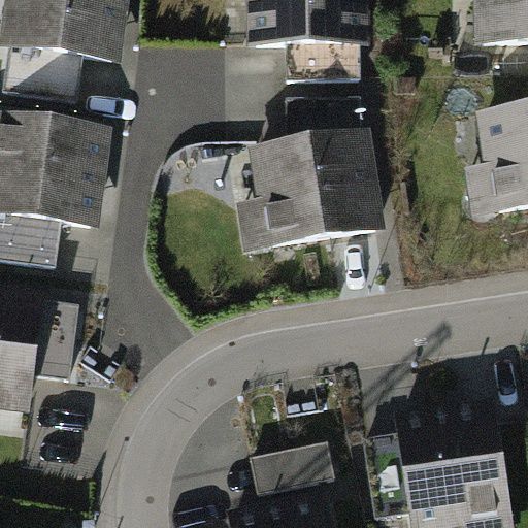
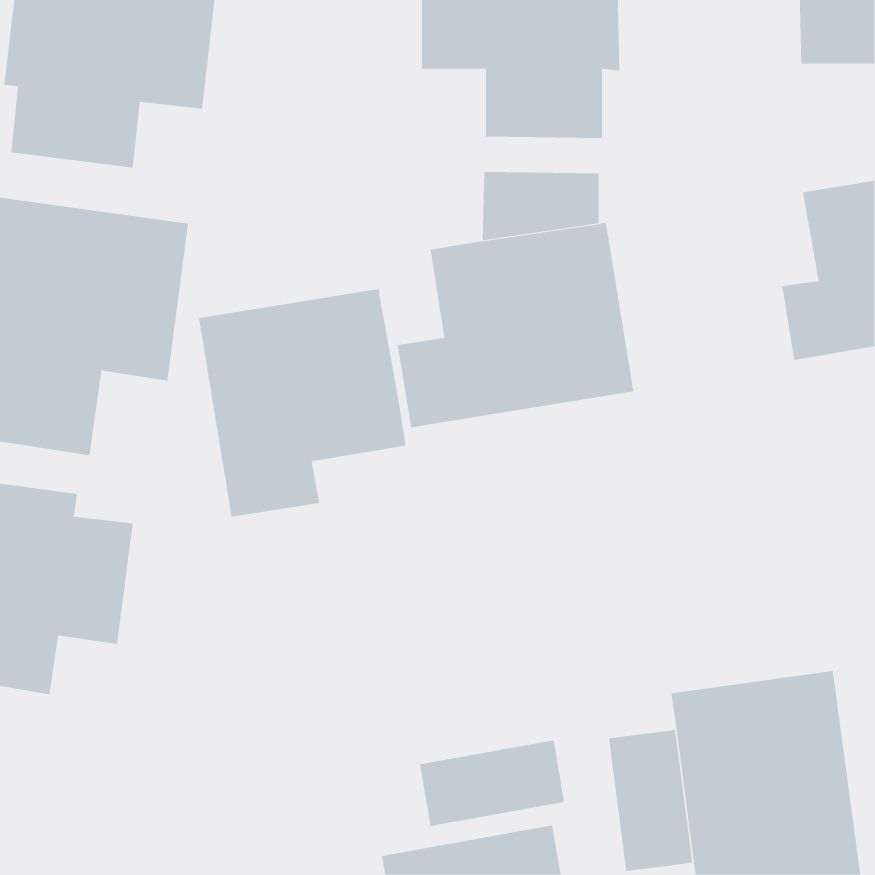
building: none -> [199,288,406,518]

